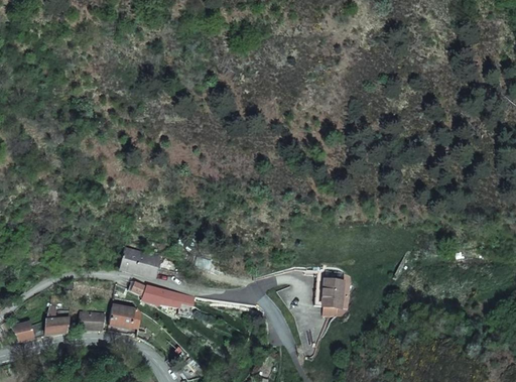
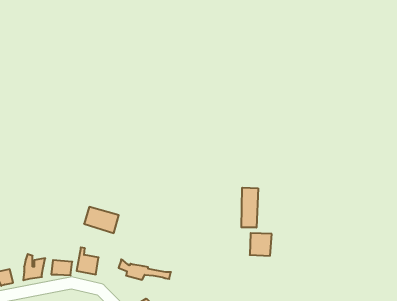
building: none -> [241,188,258,228]
building: [133,280,196,304] -> [119,259,171,280]

